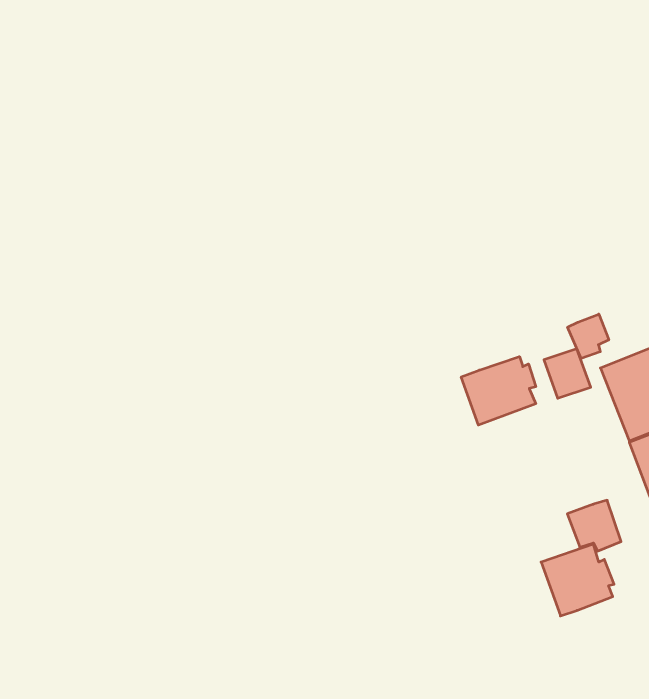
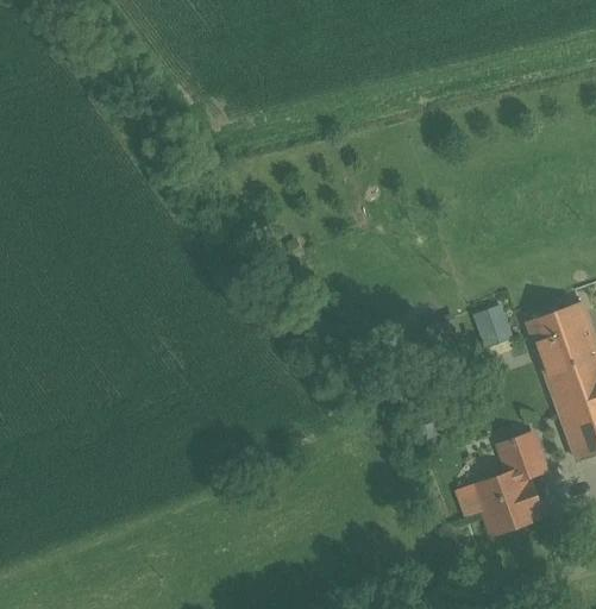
building: [568,314,609,359] -> none
building: [461,357,536,425] -> none

